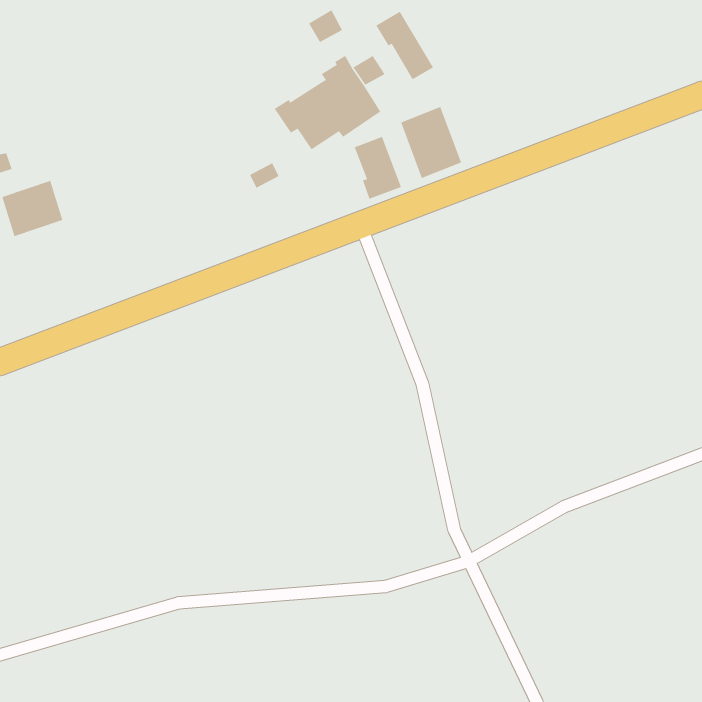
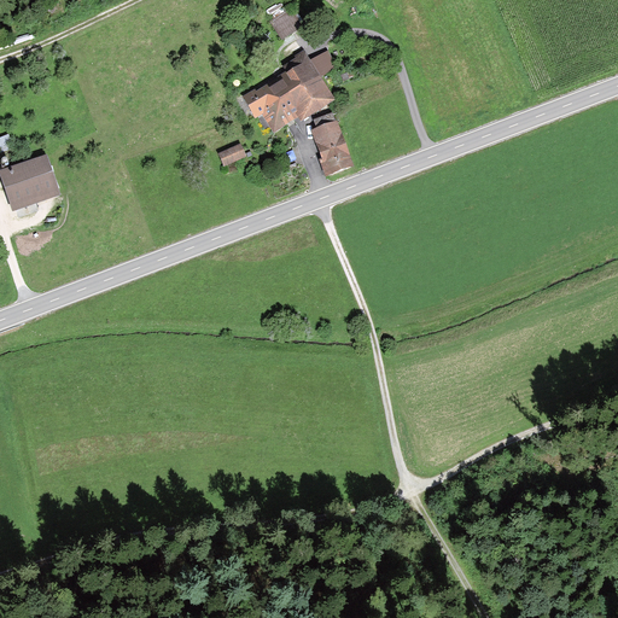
building: [376,11,434,80] -> none
building: [400,106,462,179] -> none

